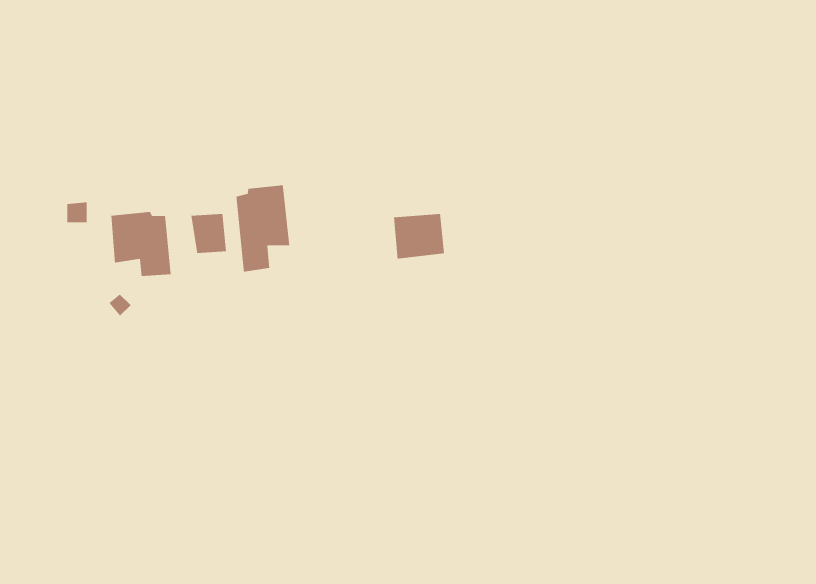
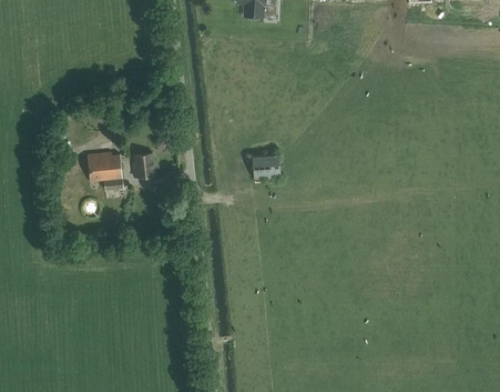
building: [236,185,290,272] -> none

